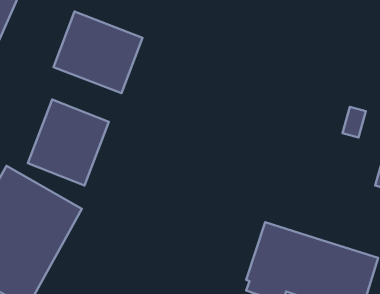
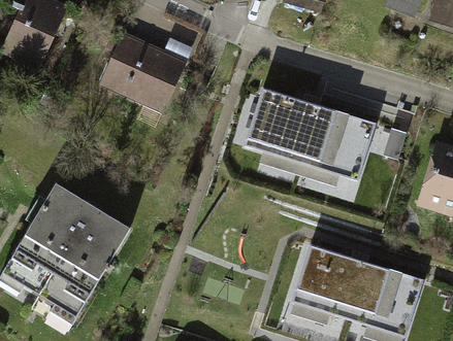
building: none -> [245,87,375,185]
building: [28,100,109,185] -> none

